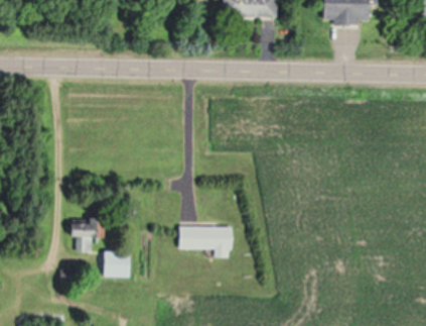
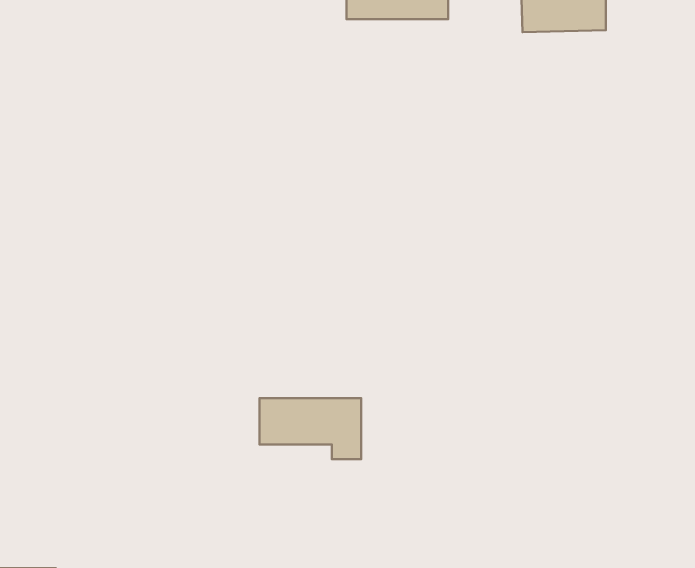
building: [65,218,105,253] -> none
building: [101,252,132,278] -> none

